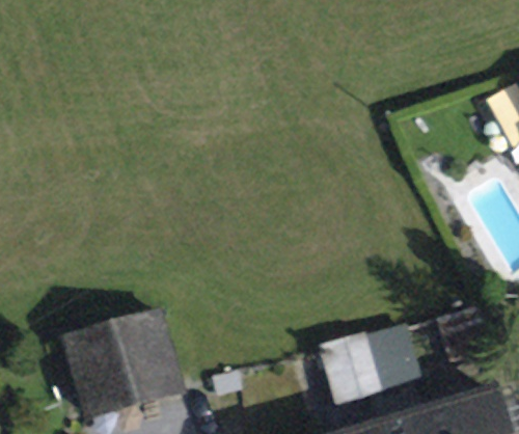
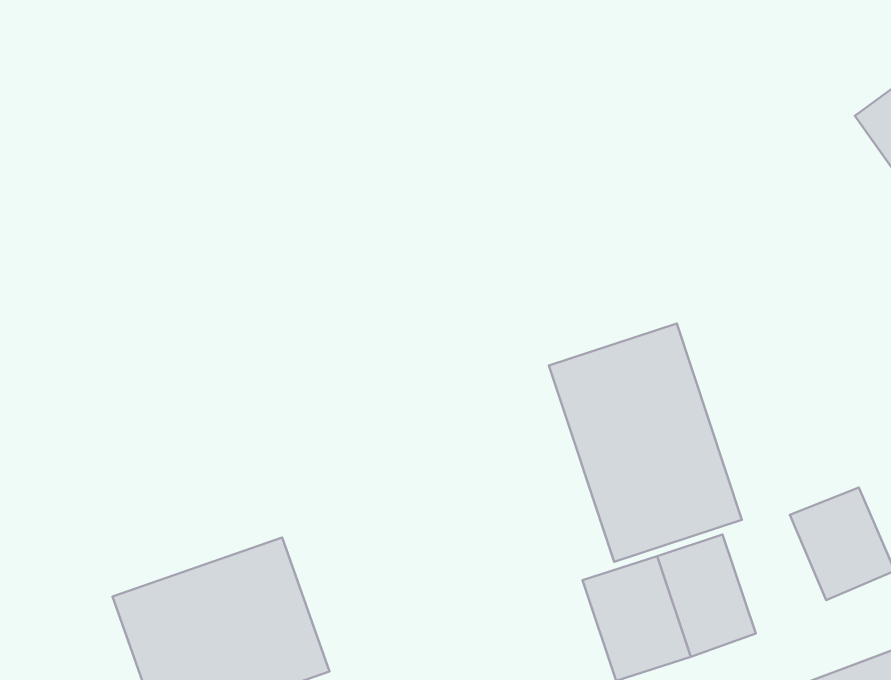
building: none -> [549,324,742,562]

